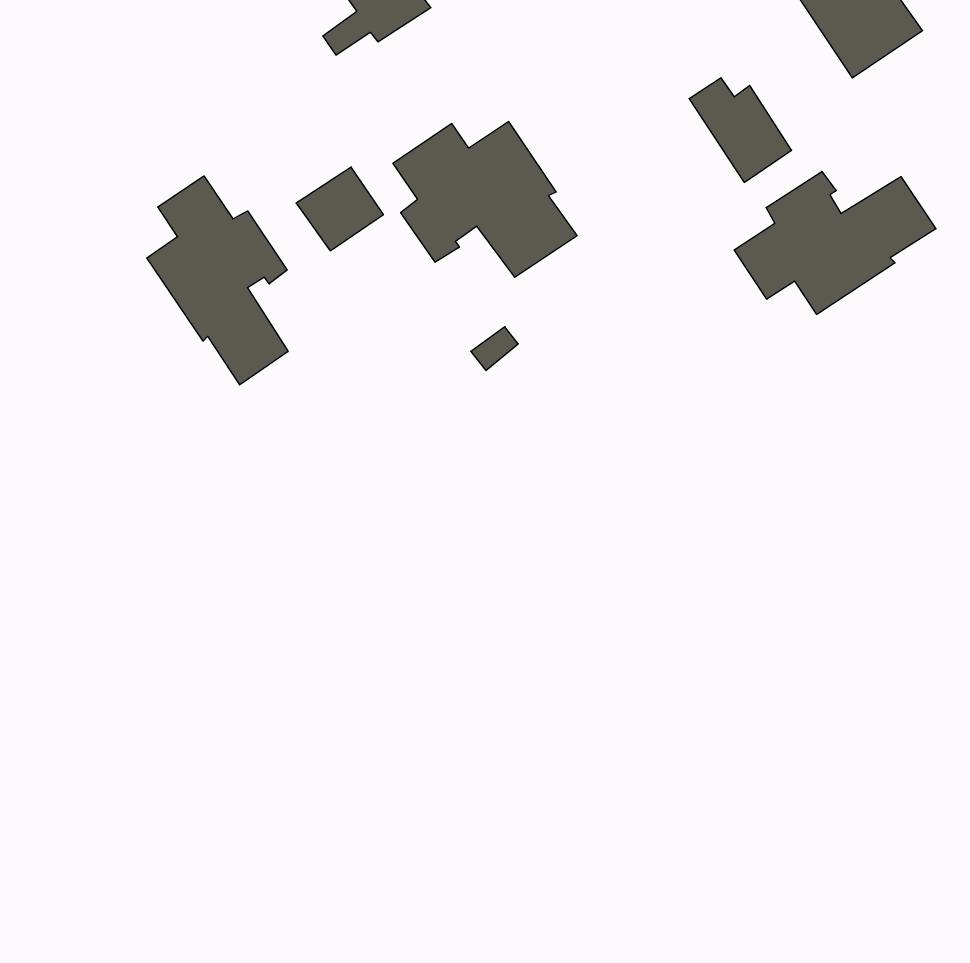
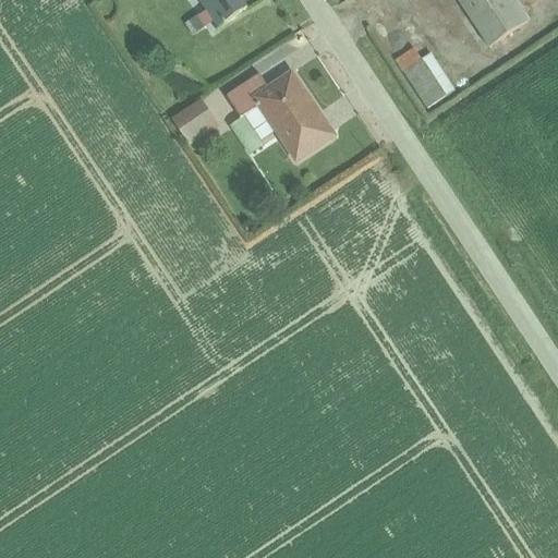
building: [734,171,936,314] -> none
building: [147,176,288,385] -> none

